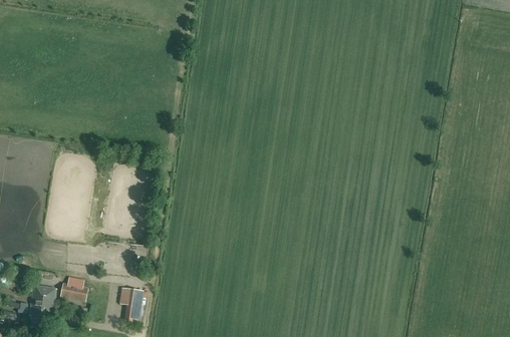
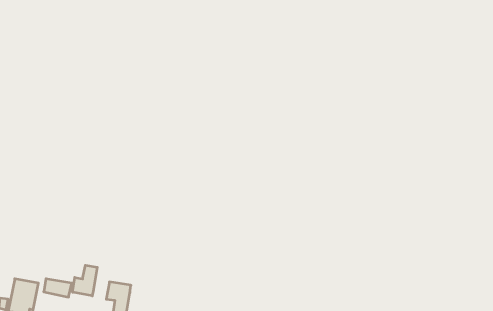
building: none -> [73,265,97,296]

